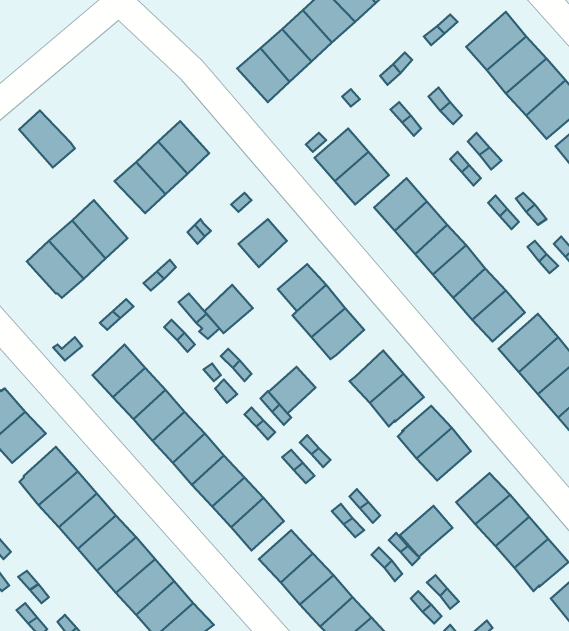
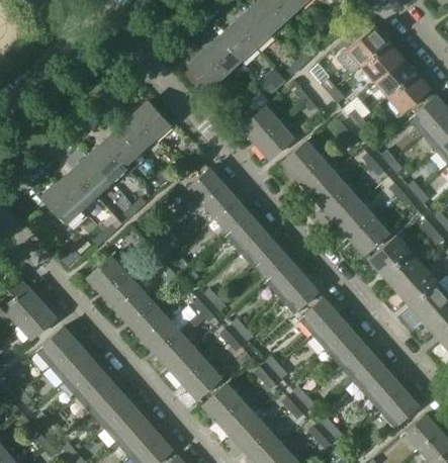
building: [19,110,75,167] -> [89,143,127,182]
building: [204,285,253,333] -> [203,184,237,217]
building: [269,367,315,414] -> [257,246,289,278]
building: [400,506,452,557] -> [327,330,363,365]

